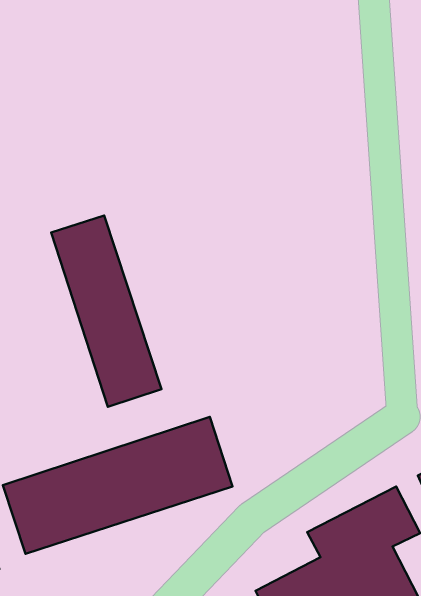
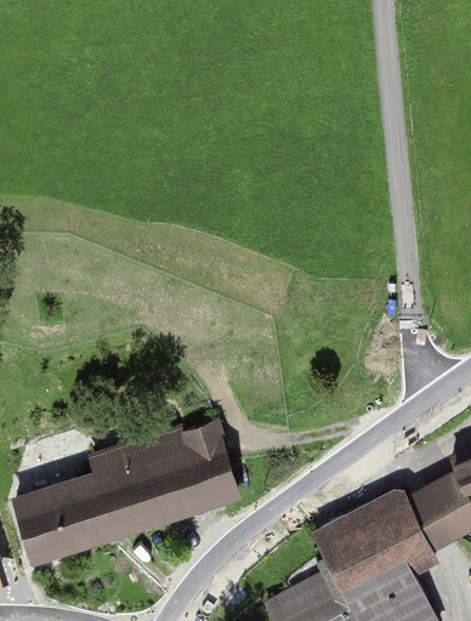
building: [51,216,161,407] -> none

